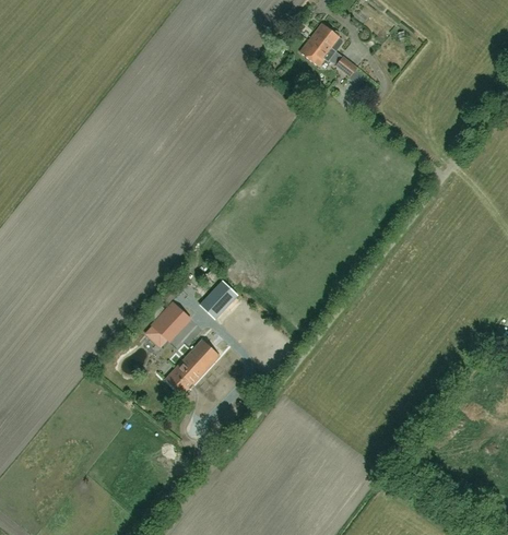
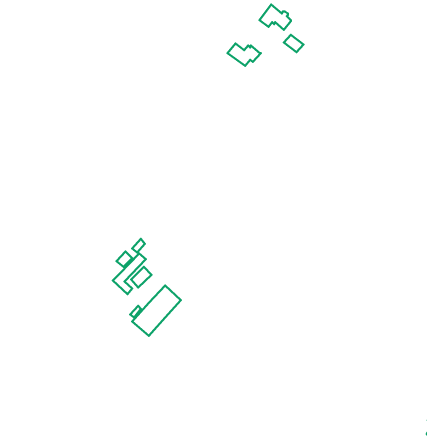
building: [299,40,336,66] -> [228,43,261,66]
building: [200,280,238,319] -> none

